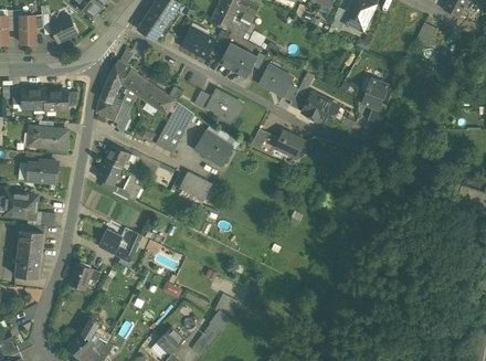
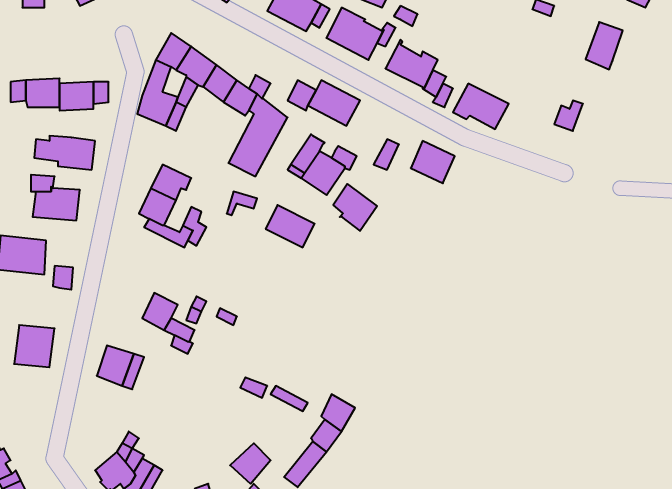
building: [363,78,388,109] -> [586,22,623,69]
building: none -> [333,184,377,231]
building: [19,230,44,253] -> none

